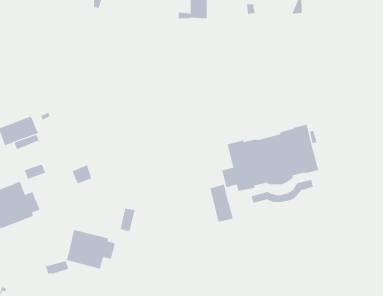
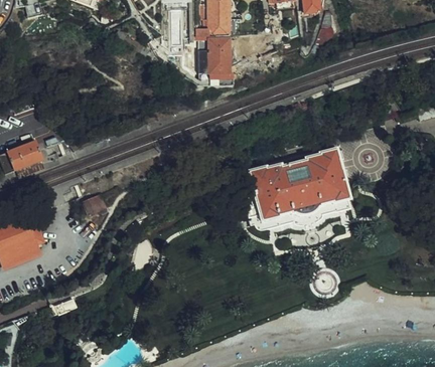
building: none -> [201,33,234,85]
building: [210,184,233,222] -> none
building: [66,229,116,269] -> none

